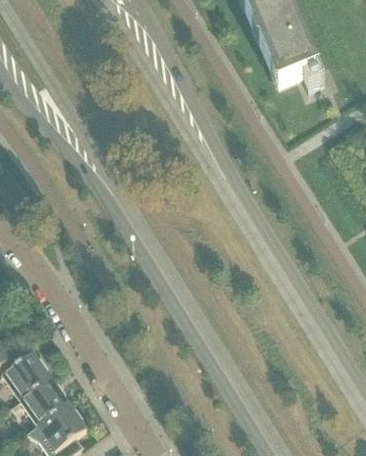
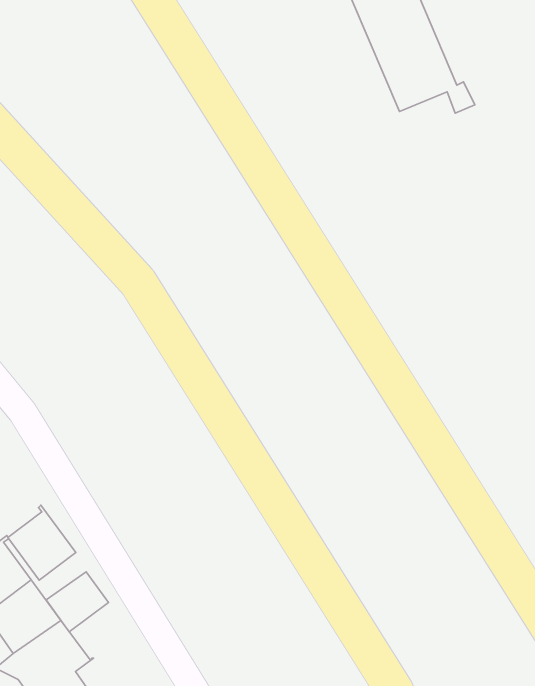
building: none -> [8,505,76,580]
building: none -> [46,572,109,632]

